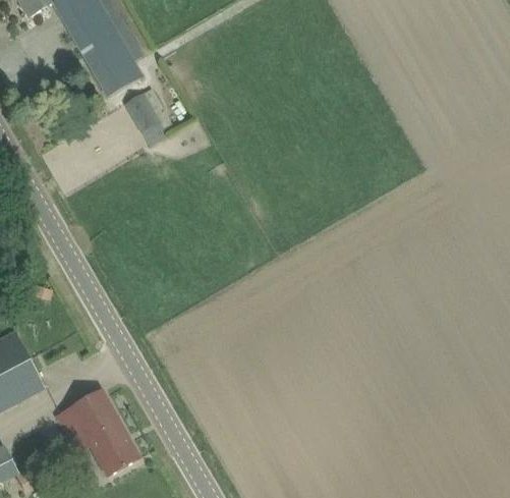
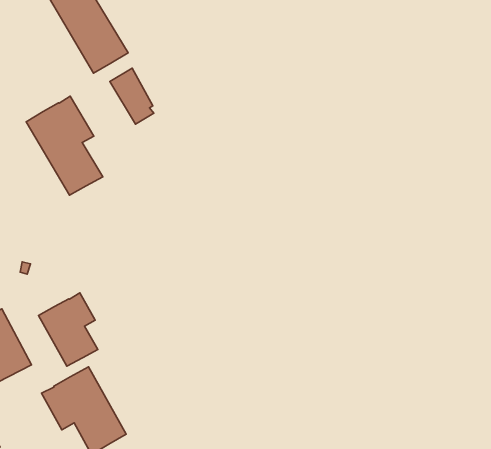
building: none -> [26,96,103,195]
building: none -> [39,293,98,366]

